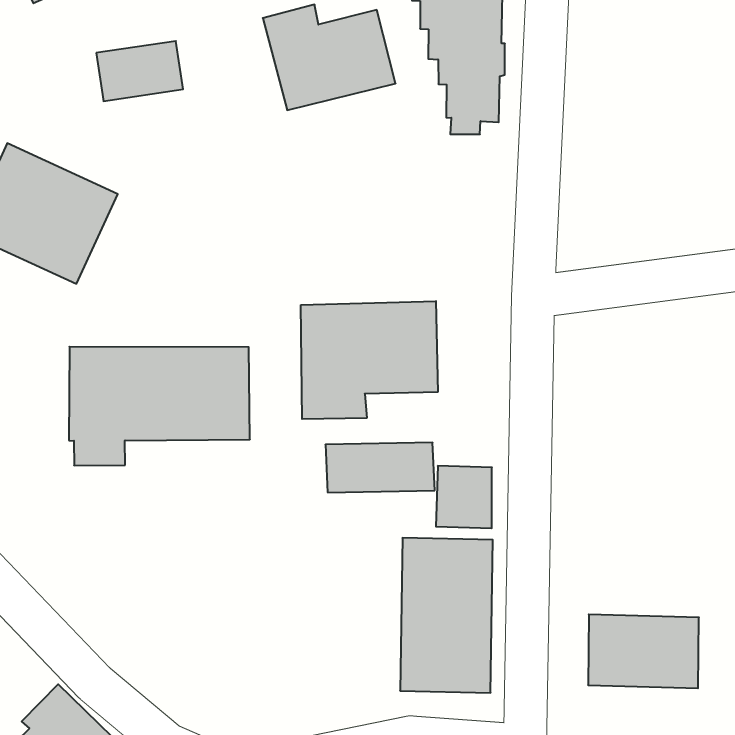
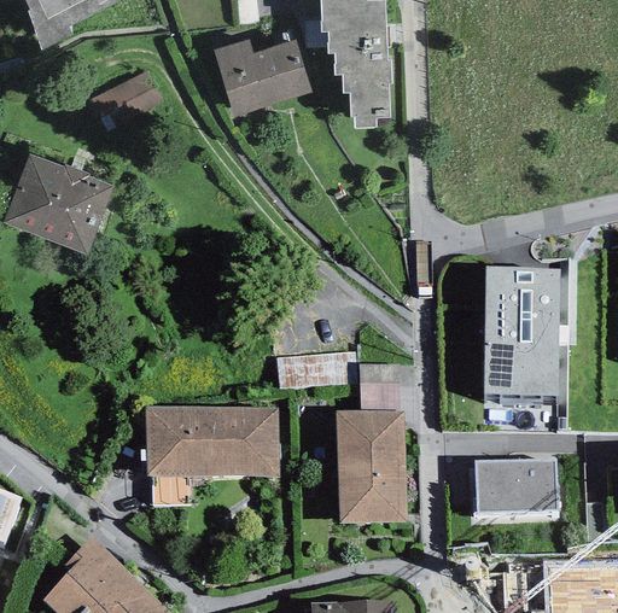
building: [301,301,438,419] -> none
building: [69,347,250,465] -> [144,410,280,504]
building: none -> [479,274,562,415]

